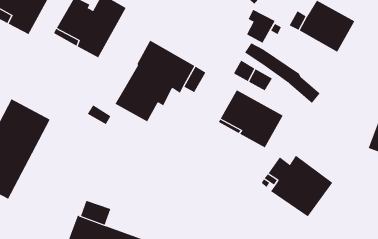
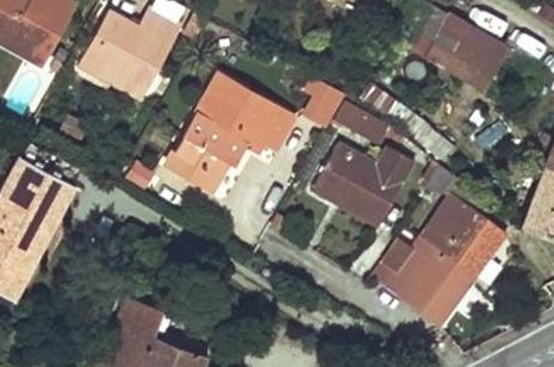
building: [246,9,275,44] -> [303,77,344,126]
building: none -> [422,163,505,275]

